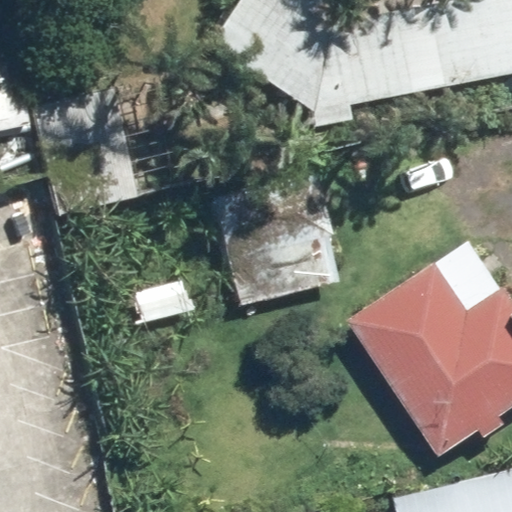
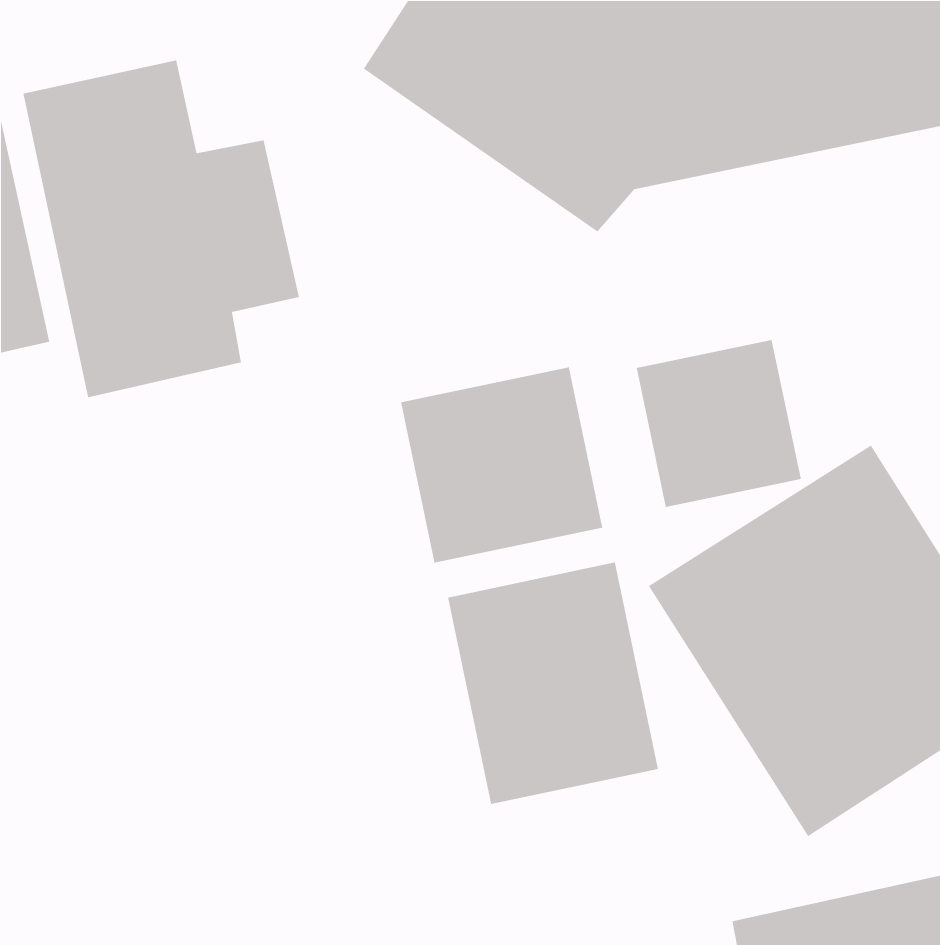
building: none -> [636,339,802,508]
building: none -> [447,562,659,805]

